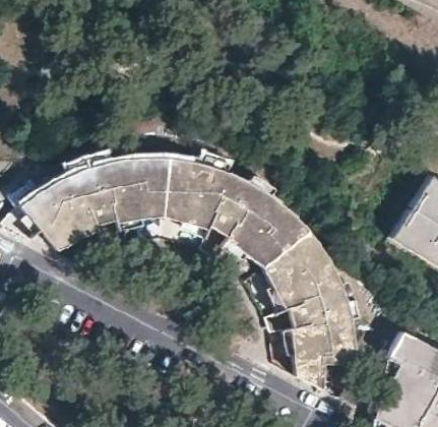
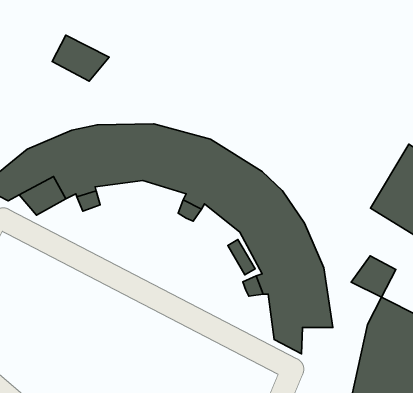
building: none -> [52,35,109,81]
building: none -> [351,256,396,297]

